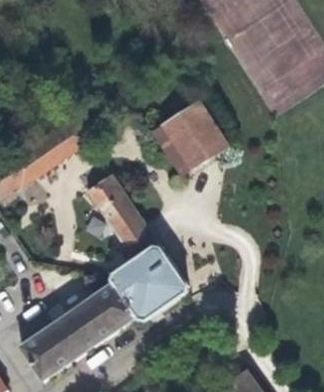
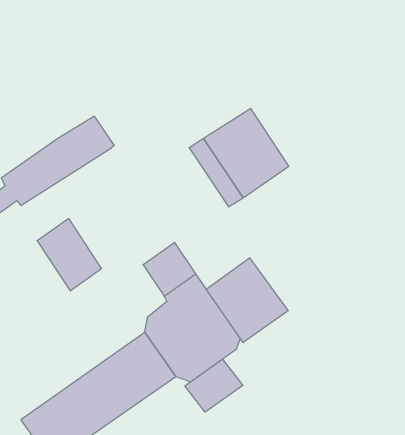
building: [88,173,137,229] -> [37,218,102,291]
building: none -> [206,258,288,343]
building: none -> [185,359,243,412]

